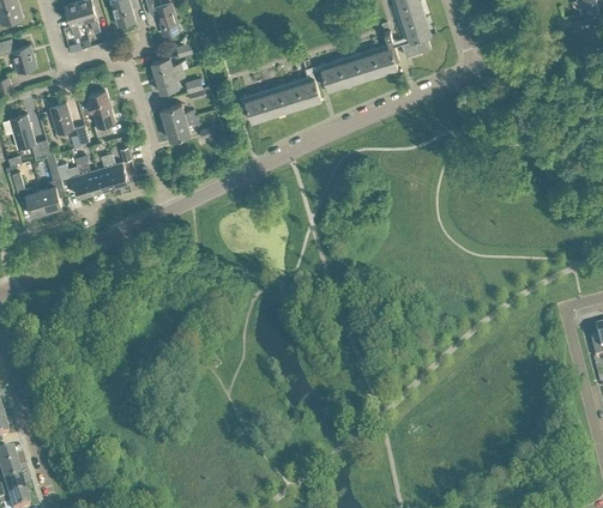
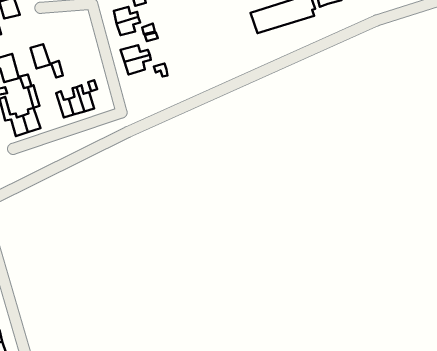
building: [240,67,320,121] -> none
building: [86,91,113,138] -> none
building: [56,163,90,196] -> none

